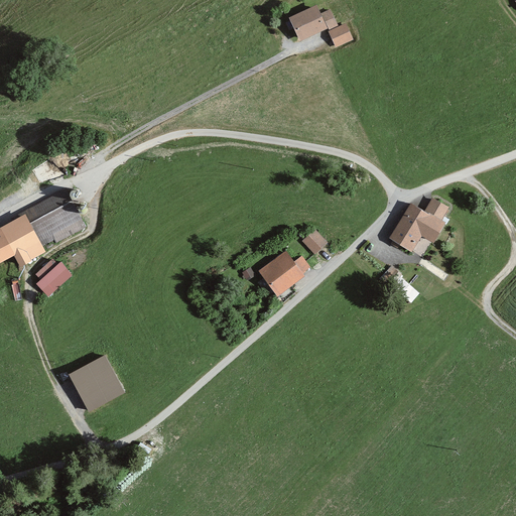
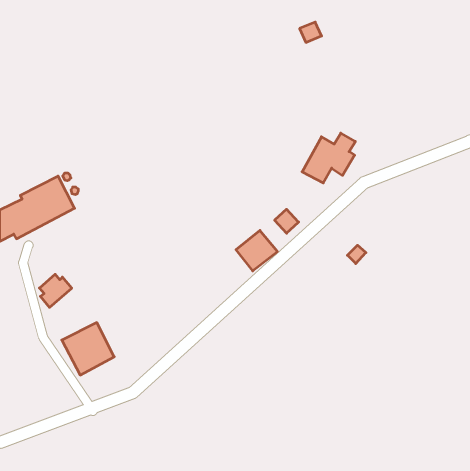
building: [290,7,335,40] -> none
building: [389,198,447,252] -> [302,133,355,183]
building: [34,261,70,297] -> [39,274,72,307]

